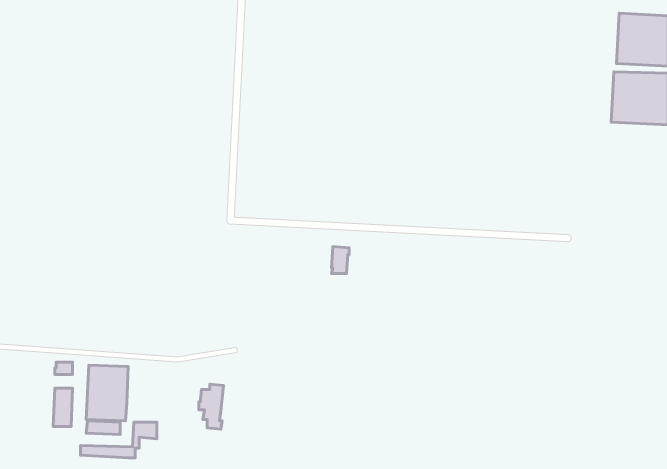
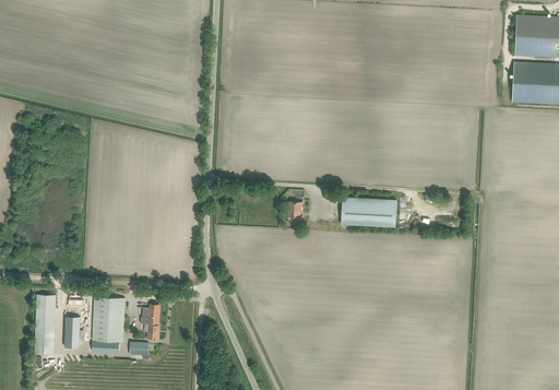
building: none -> [340,196,396,227]
building: none -> [33,293,56,354]
building: [199,384,223,429] -> [140,303,159,339]

